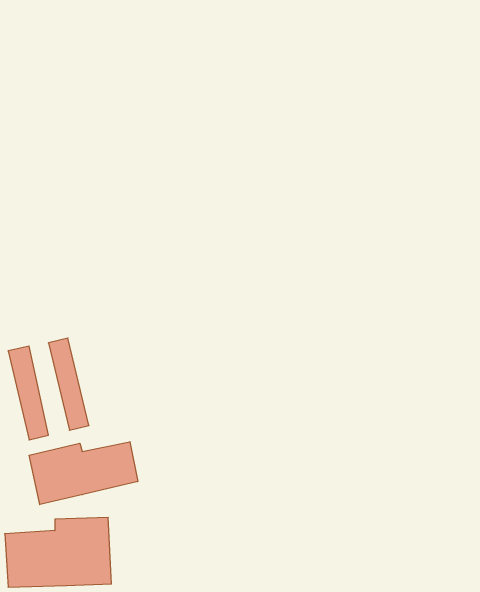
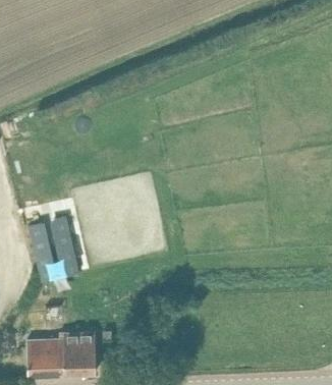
building: [29,442,138,505] -> none

